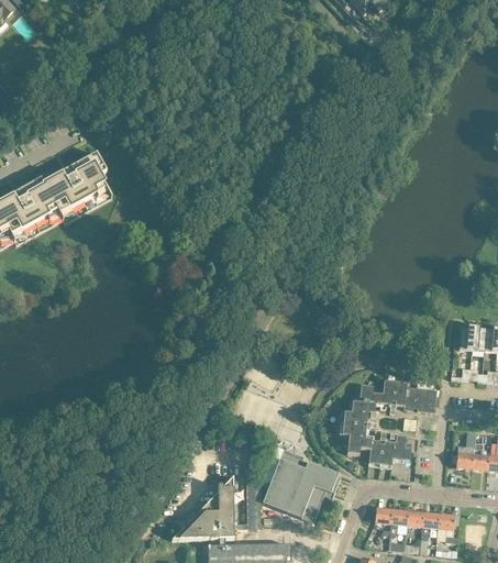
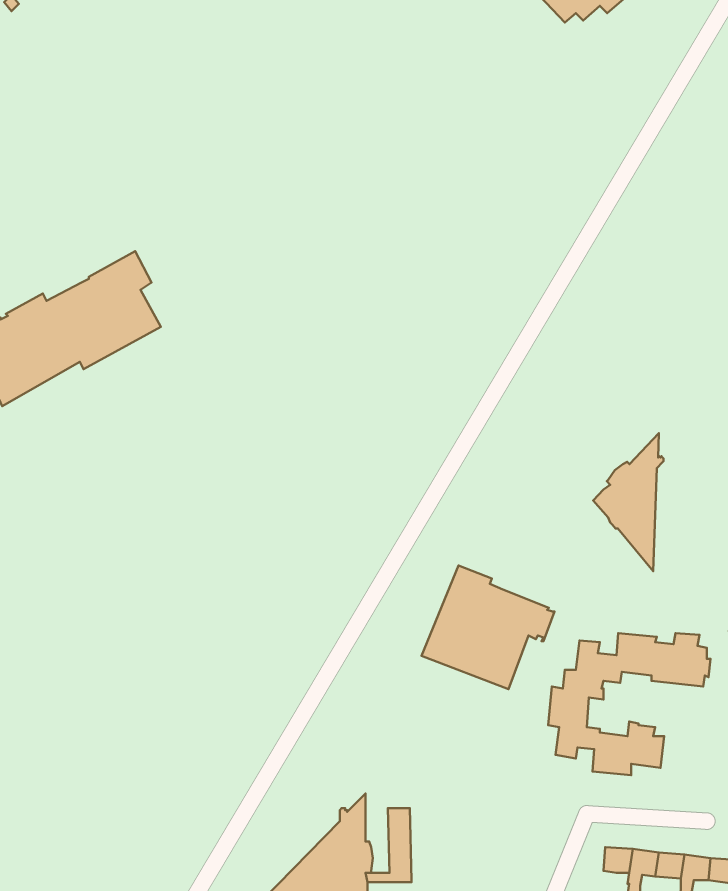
building: none -> [593,433,664,571]
building: [262,448,341,521] -> [422,566,554,689]

